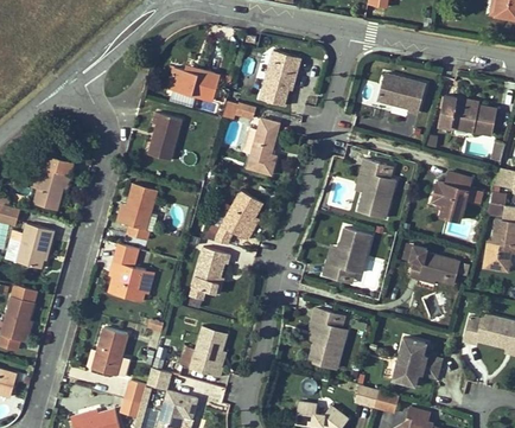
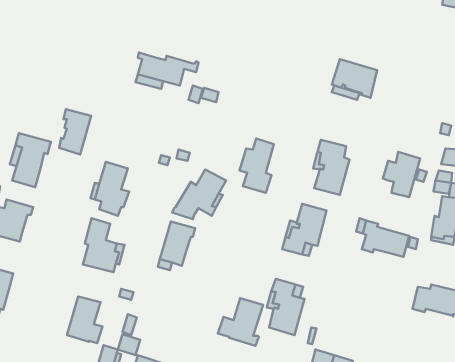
building: [259,50,300,106] -> none
building: [438,96,496,135] -> none
building: [147,113,182,161] -> [59,109,91,154]
building: [242,117,279,175] -> [240,139,274,193]
building: [178,326,227,377] -> [218,298,263,346]
building: [393,338,440,385] -> none

